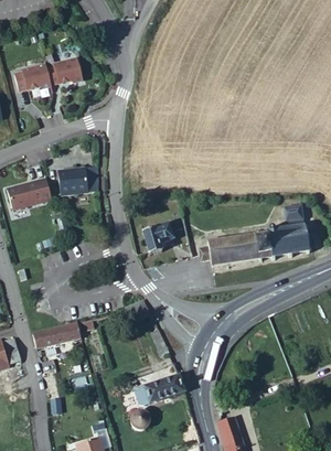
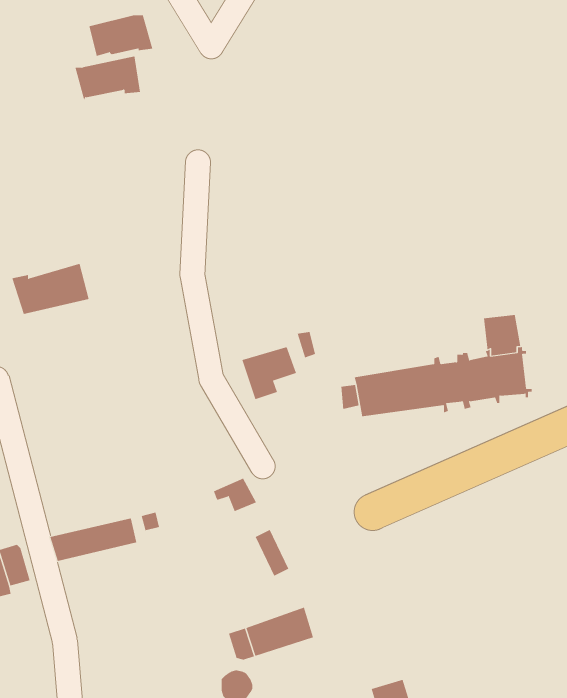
building: [12,63,50,87] -> [88,15,153,57]
building: [57,167,93,191] -> none

